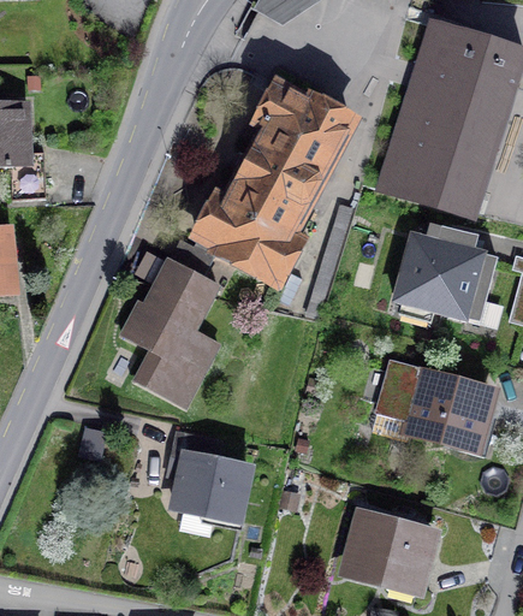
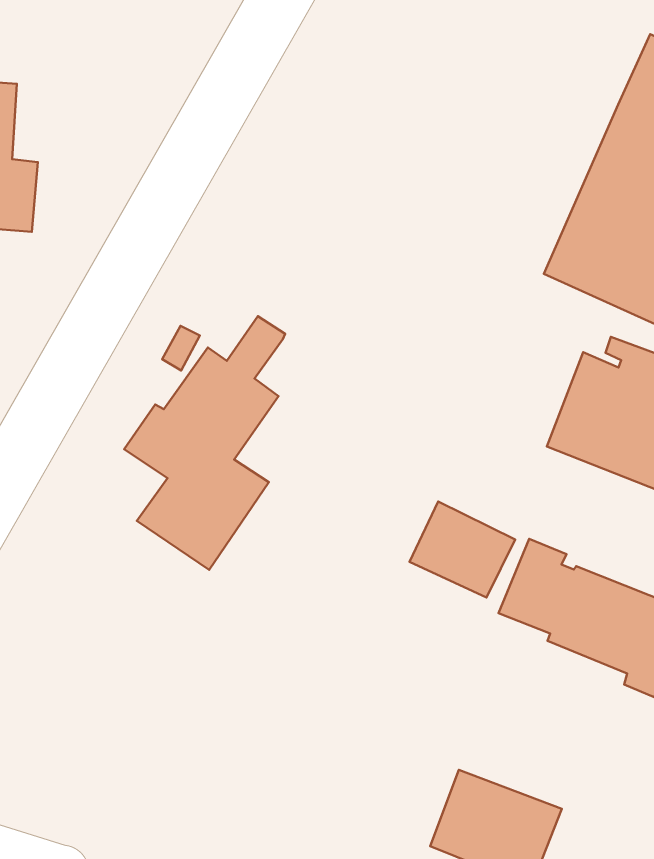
building: [198,85,351,280] -> none
building: none -> [410,502,515,598]
building: [173,432,249,526] -> none

